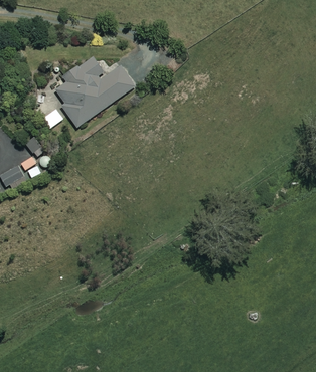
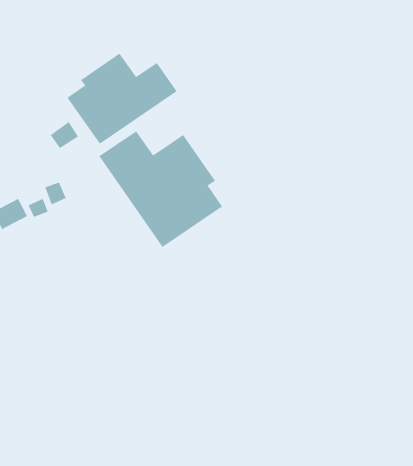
building: none -> [98,131,223,248]

